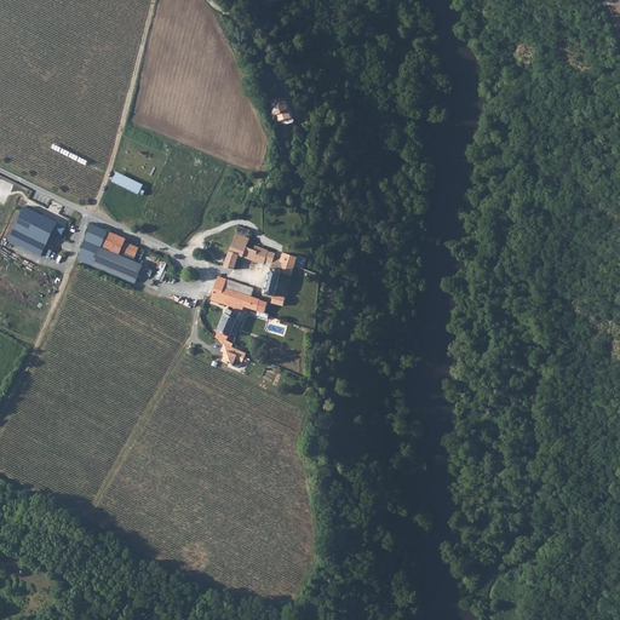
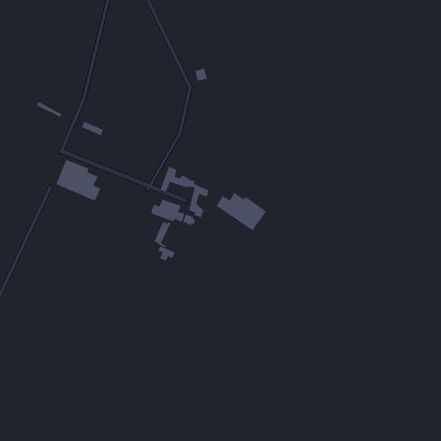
building: [10,206,58,256] -> none
building: none -> [216,192,267,231]

